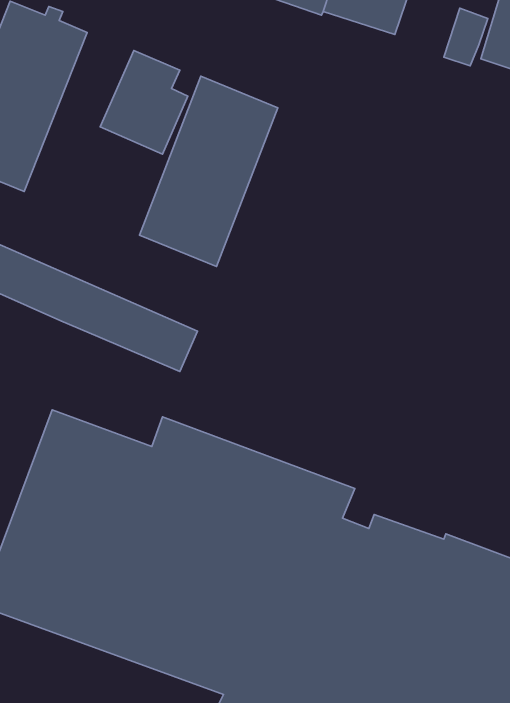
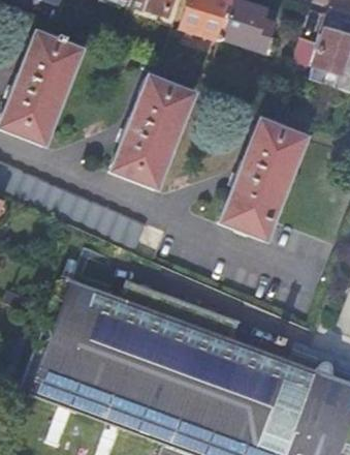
building: [100,51,188,154] -> none
building: none -> [221,121,306,241]

